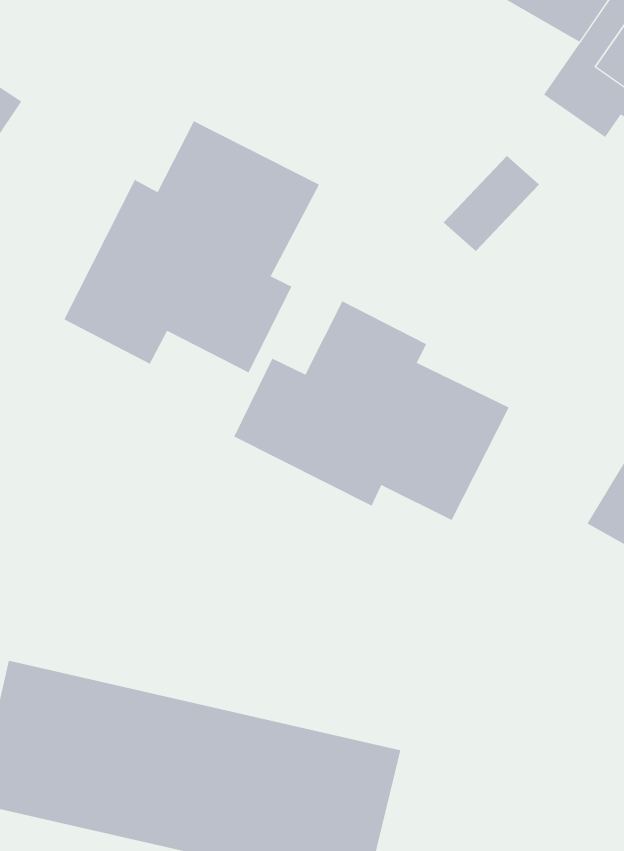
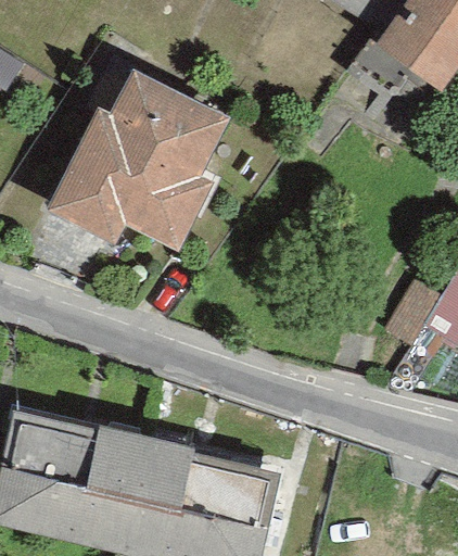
building: [233,300,509,521] -> none

